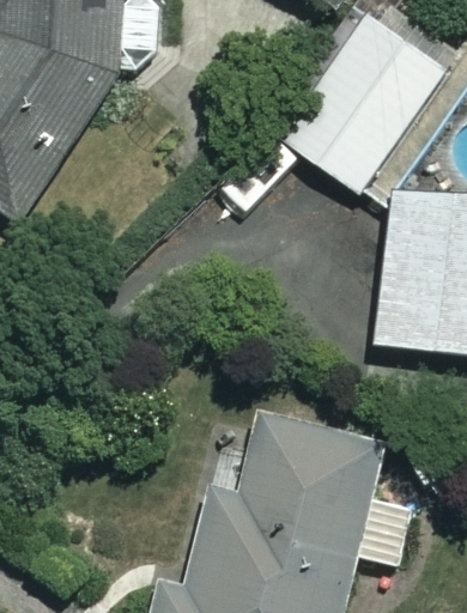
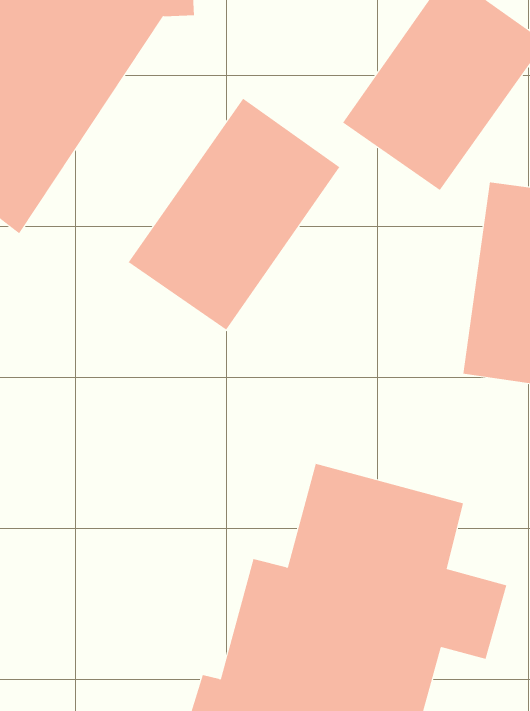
building: none -> [128,98,340,331]

